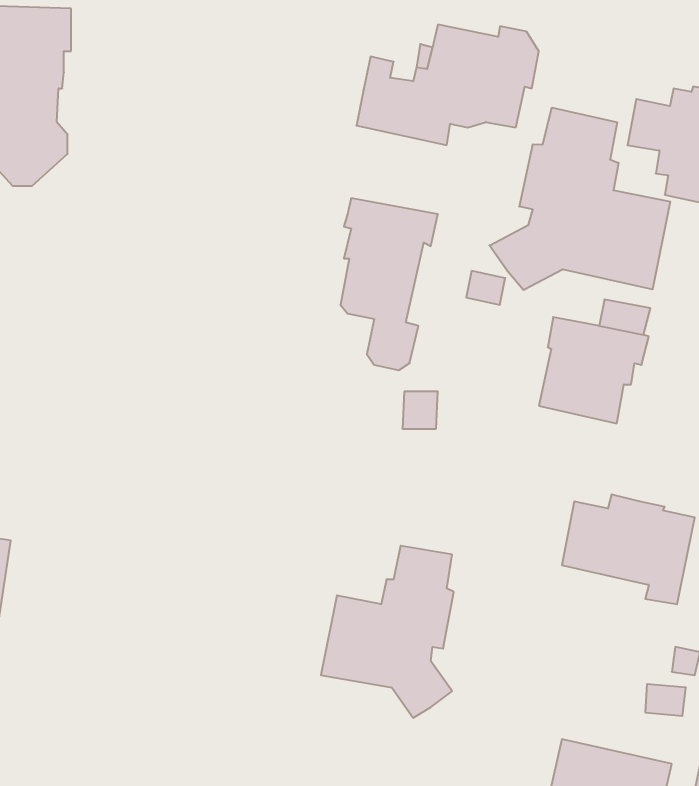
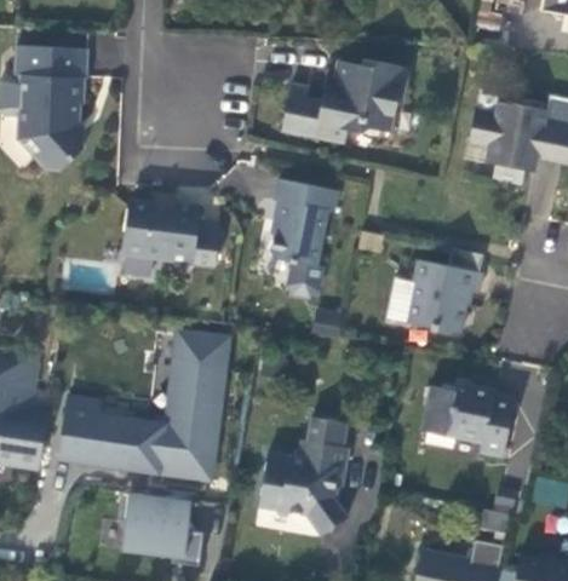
building: [489,108,670,290] -> none
building: none -> [124,203,219,264]
building: none -> [61,334,224,472]
building: none -> [117,491,203,565]

